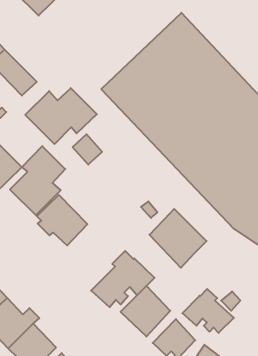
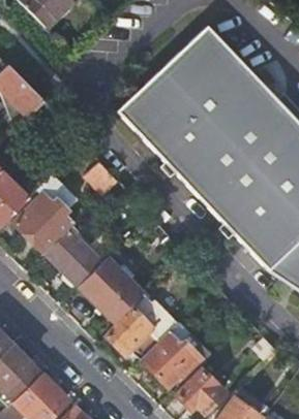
building: [25,88,97,144] -> none
building: [149,209,207,268] -> [81,257,145,323]
building: [182,289,234,333] -> none

